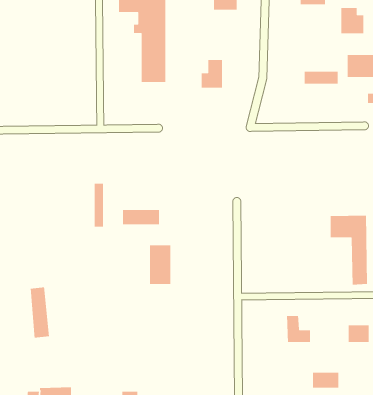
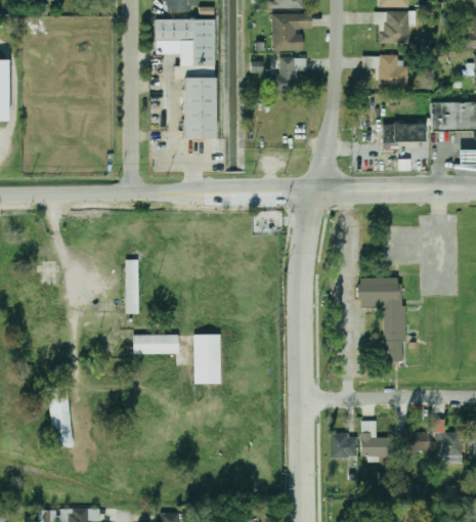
building: [341,7,364,34] -> [379,55,407,88]
building: [201,59,223,89] -> [271,57,298,93]
building: [122,209,160,225] -> [132,335,178,354]
building: [330,215,368,285] -> [357,277,403,363]
building: none -> [331,434,356,458]
building: [312,372,339,389] -> [396,431,429,451]

